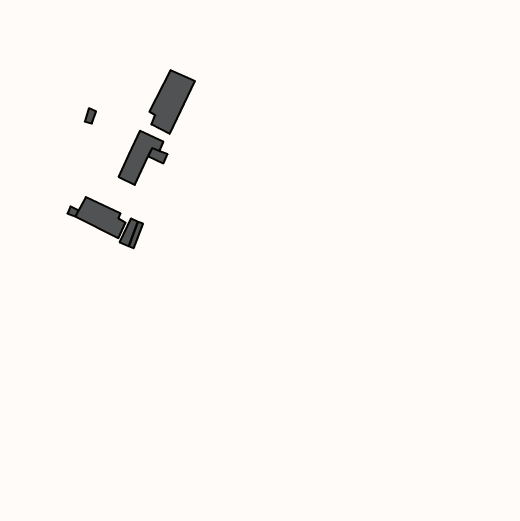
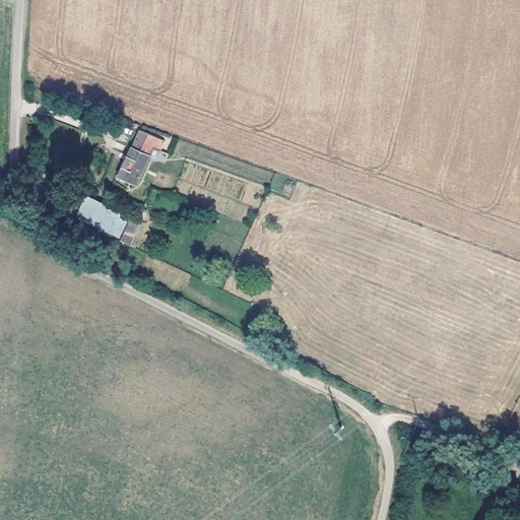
building: [150,70,195,134] -> none

